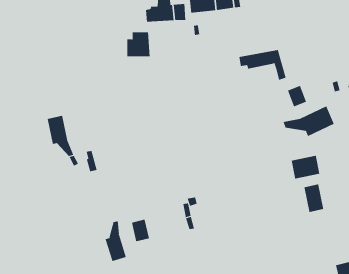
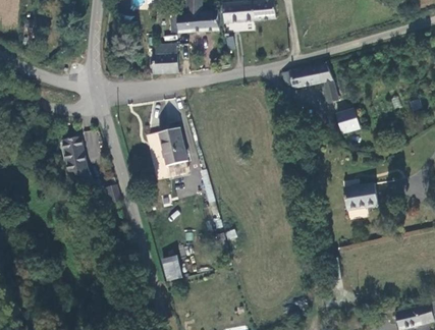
building: [283,106,335,137] -> none
building: none -> [159,132,186,171]
building: [304,184,324,213] -> none
building: [105,220,127,262] -> none

